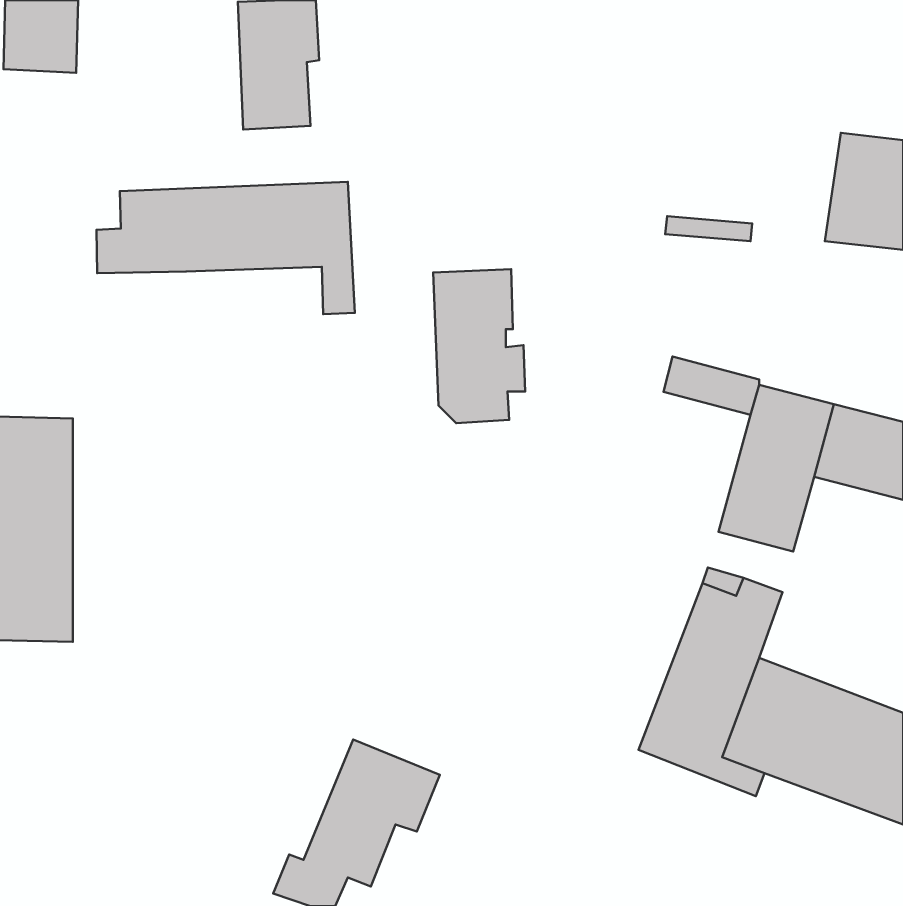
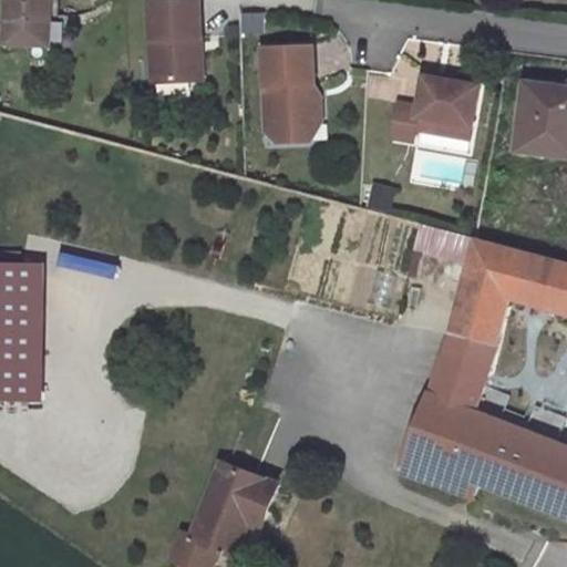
building: none -> [390,75,476,141]
building: [96,182,355,314] -> none
building: [433,269,525,423] -> [262,47,320,143]

